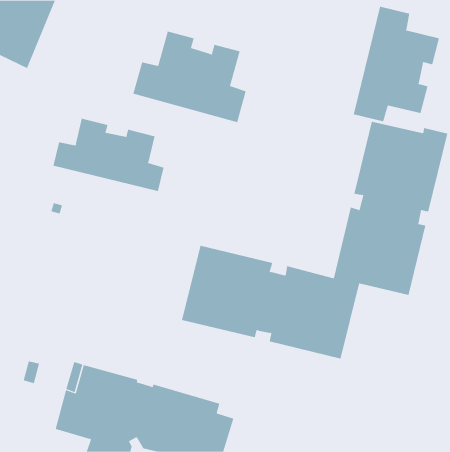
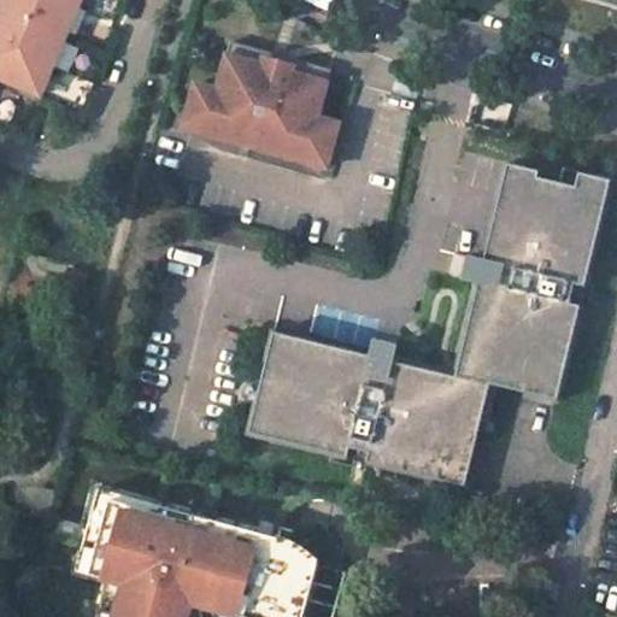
building: [353,6,439,122] -> none
building: [53,118,164,192] -> none

